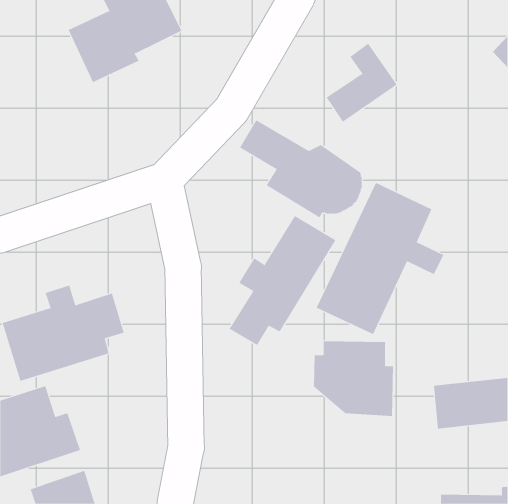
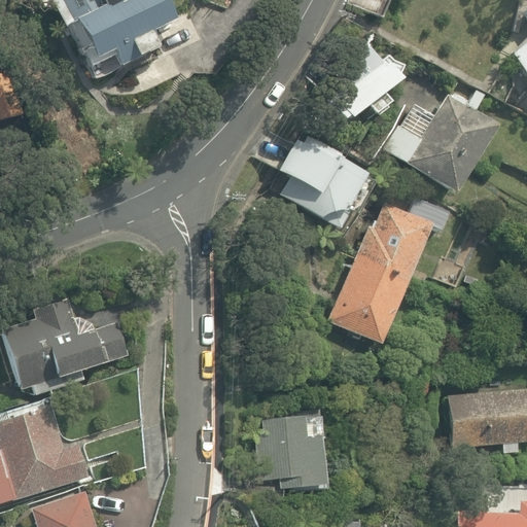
building: none -> [377,92,502,202]
building: [229,215,336,346] -> none
building: [313,341,394,417] -> [251,418,335,496]

